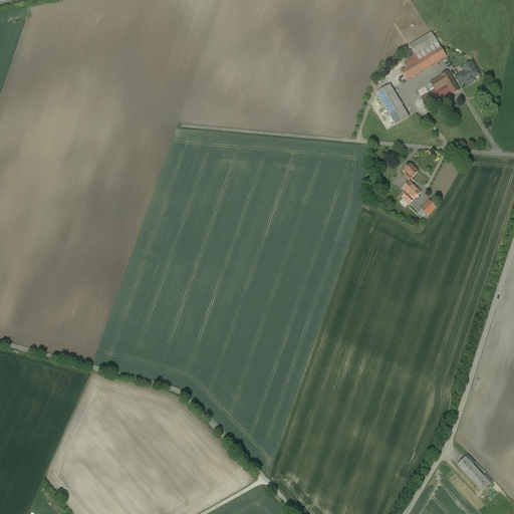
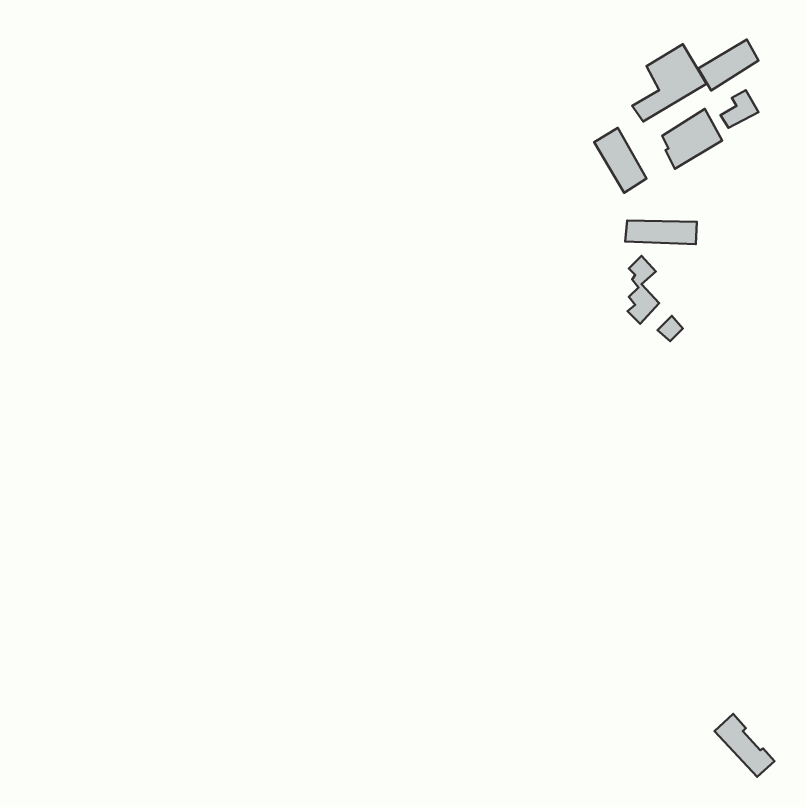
building: none -> [698,39,758,90]
building: none -> [625,220,697,244]

